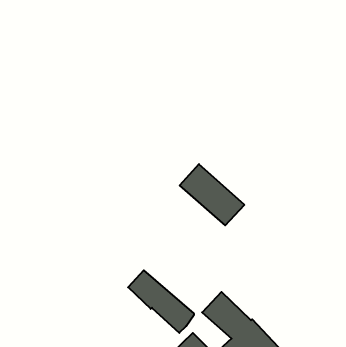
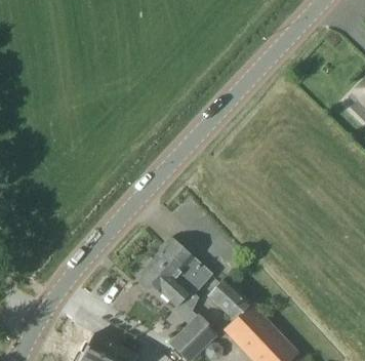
building: [180,164,244,225] -> [156,238,214,293]

